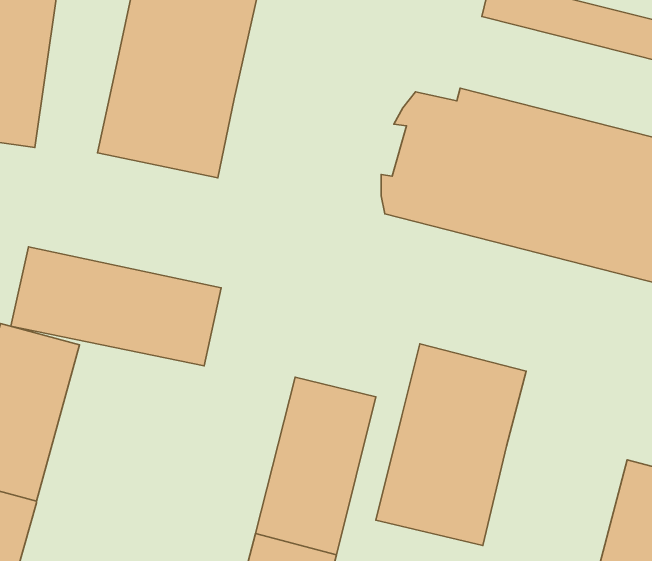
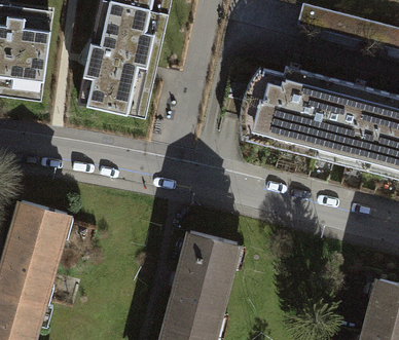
building: [11,247,221,366] -> none
building: [376,344,526,546] -> none

